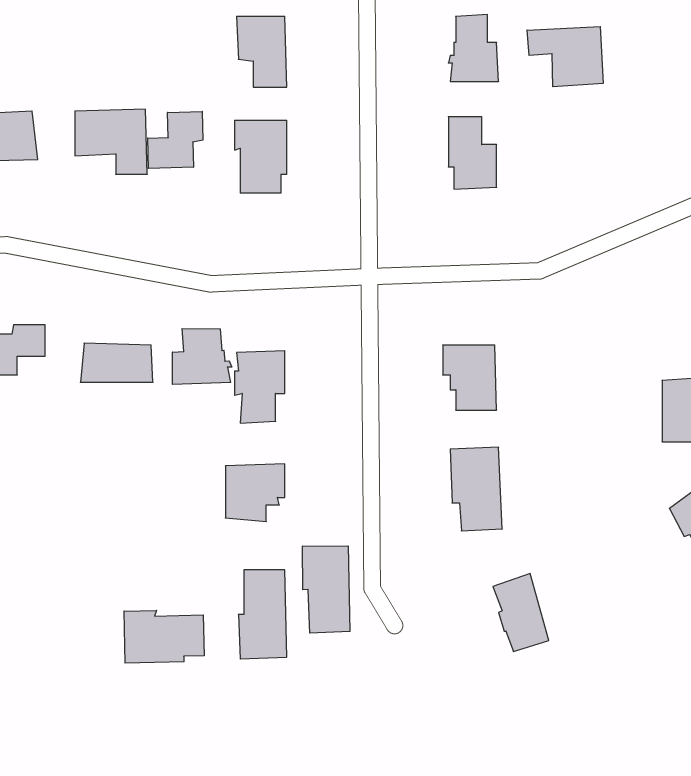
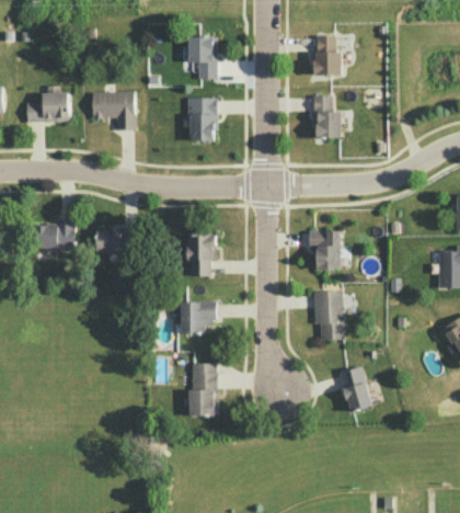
building: [527,27,603,87] -> none
building: [148,111,203,168] -> none
building: [173,329,232,384] -> none
building: [303,546,350,633] -> none
building: [124,610,204,663] -> none

